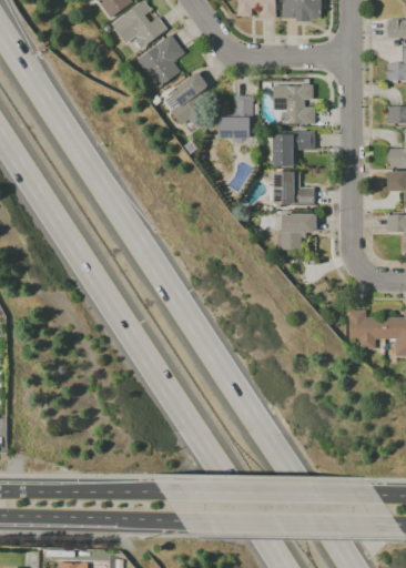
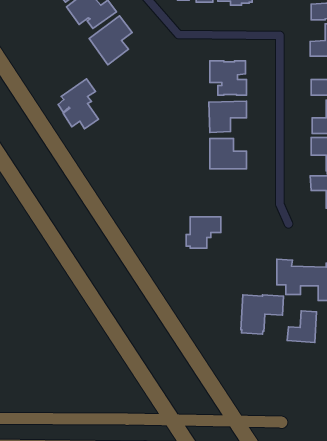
building: [165,71,211,128] -> [58,79,98,129]
building: [219,95,253,144] -> none
building: [277,213,316,248] -> [186,217,221,248]
building: none -> [241,295,284,334]
building: none -> [287,311,317,342]

